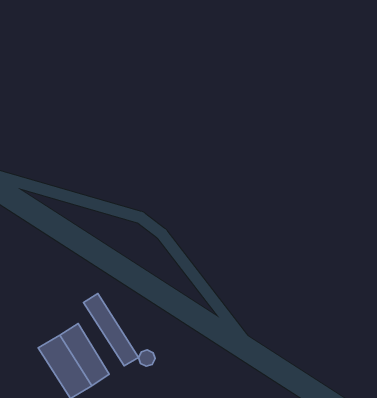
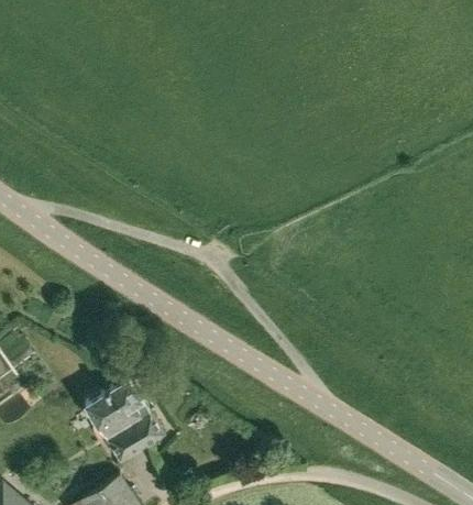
building: [84,293,139,366] -> none

